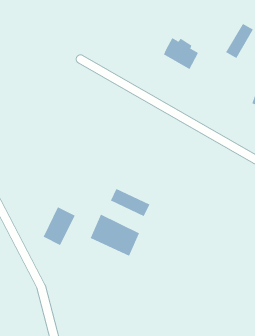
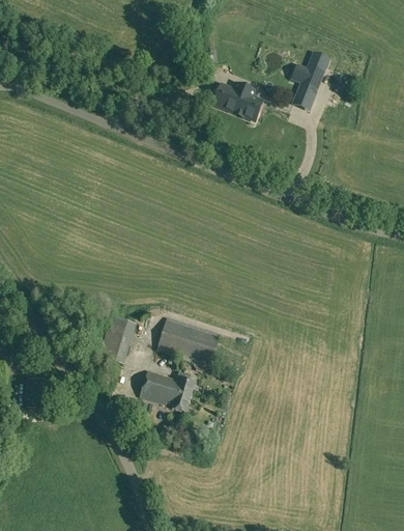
building: [110,188,150,217] -> none
building: none -> [140,369,195,412]

